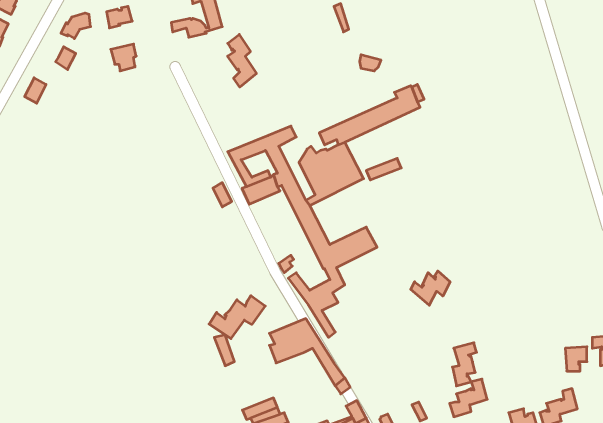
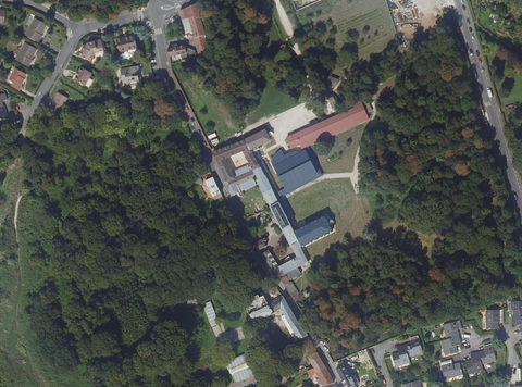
building: [228,34,256,87] -> none
building: [411,271,450,305] -> none
building: [209,296,265,339] -> none
building: [452,343,477,386] -> [443,321,462,355]

